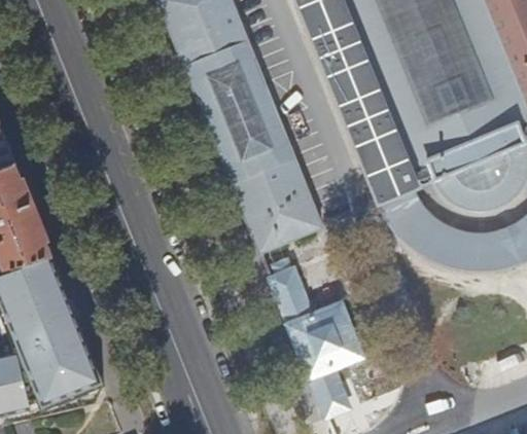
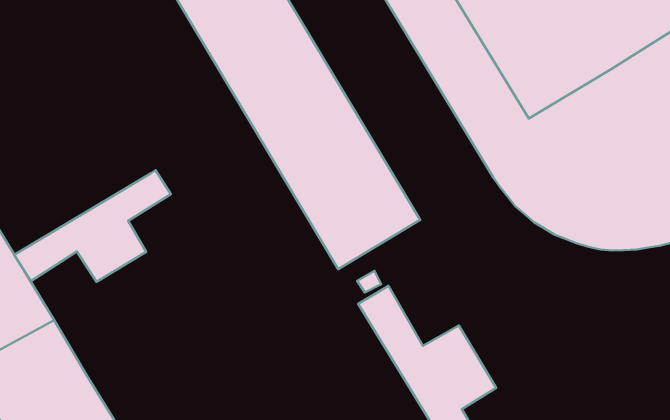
building: none -> [14,170,171,282]

